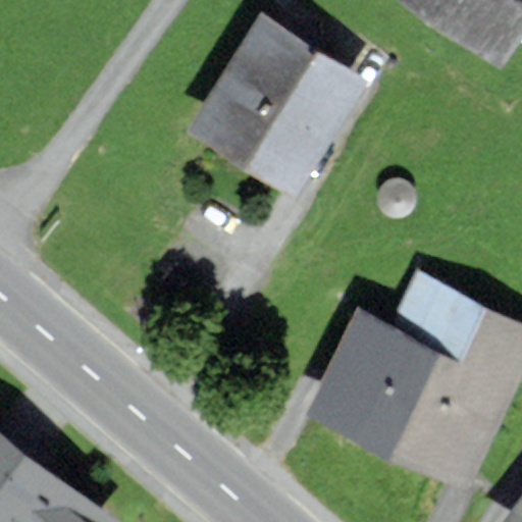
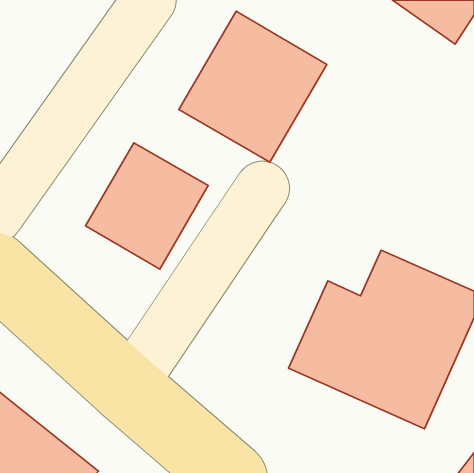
building: none -> [86,143,208,269]

